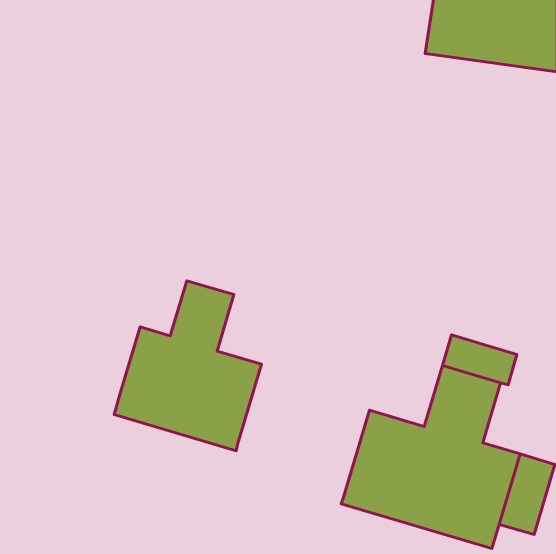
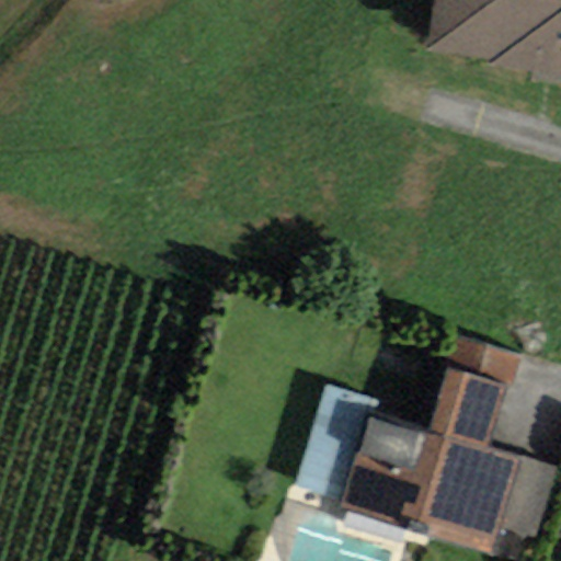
building: [114,281,261,451] -> none
building: none -> [295,381,377,500]

